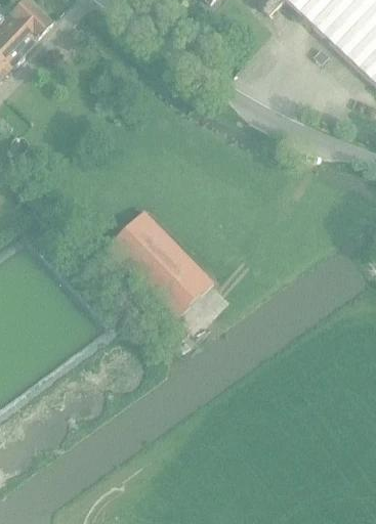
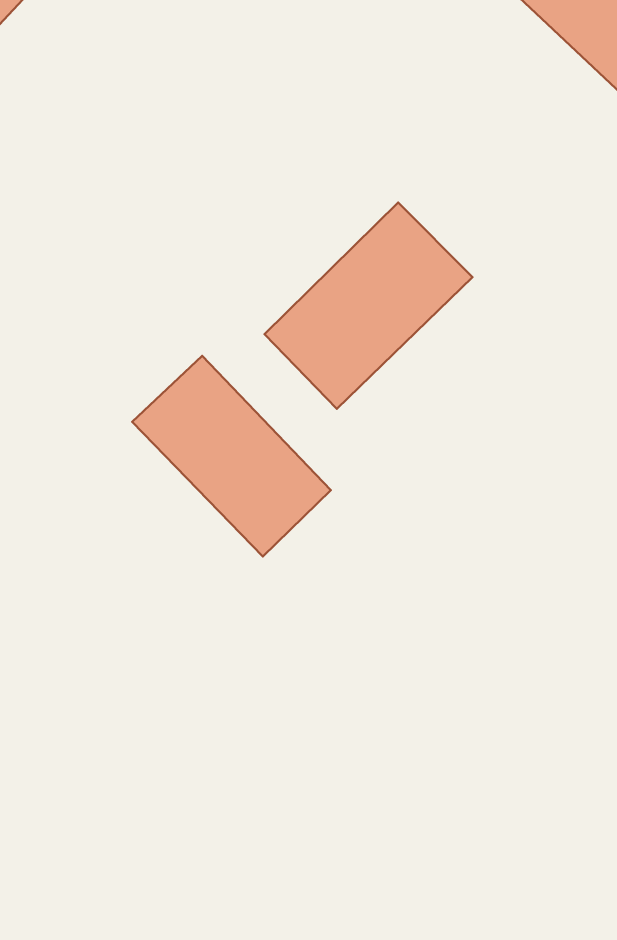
building: none -> [264,202,472,409]

